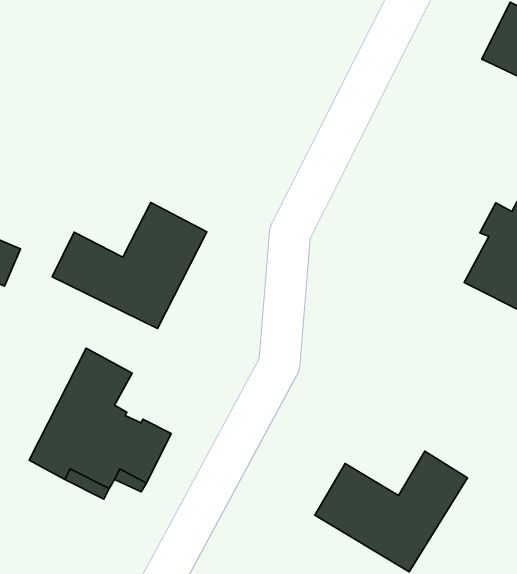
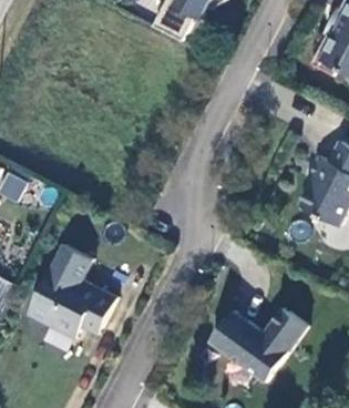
building: [52,203,207,329] -> none

